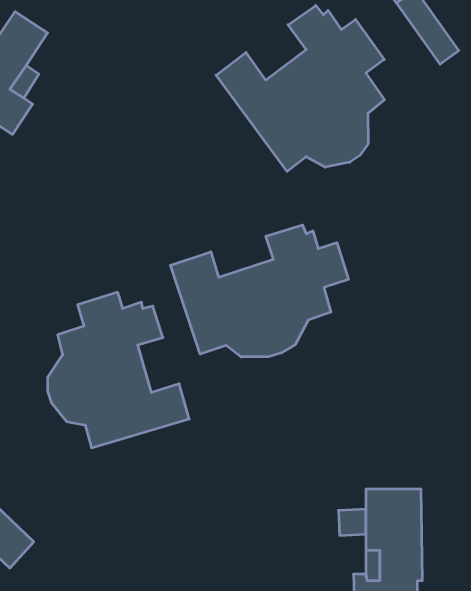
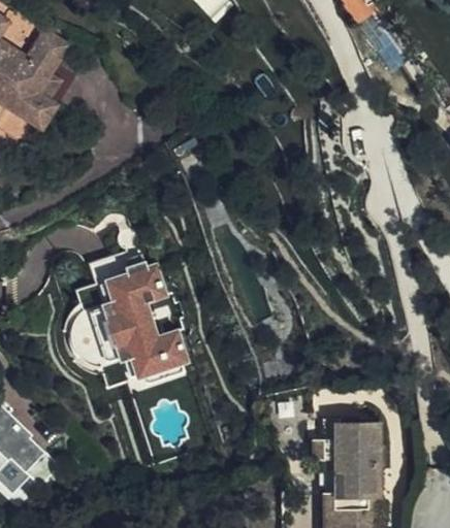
building: [216,5,384,171] -> none
building: [170,225,348,357] -> none

